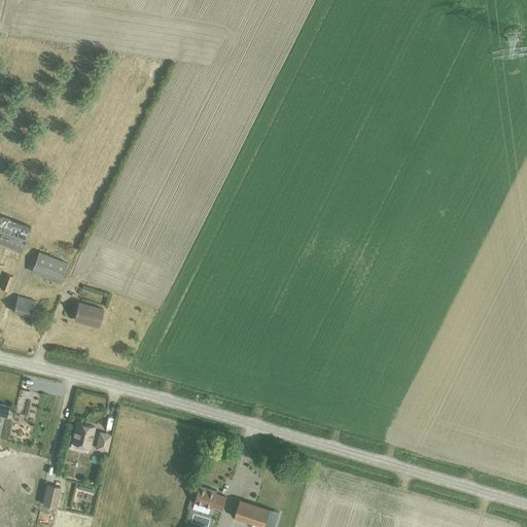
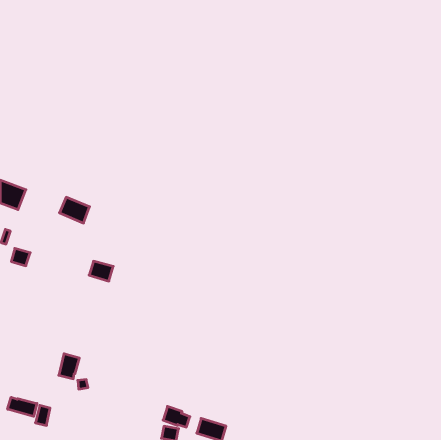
building: [31,253,67,284] -> [59,197,90,223]
building: [74,304,103,327] -> [89,261,113,281]
building: none -> [8,397,37,416]

